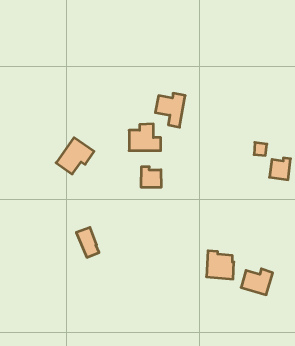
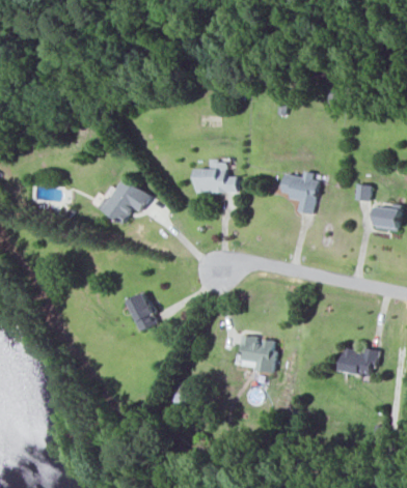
building: [155,93,185,127] -> [279,170,318,213]
building: [141,167,161,187] -> none
building: [206,251,234,279] -> [239,335,274,371]

